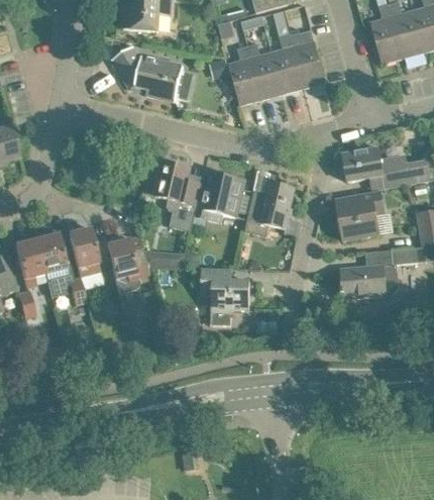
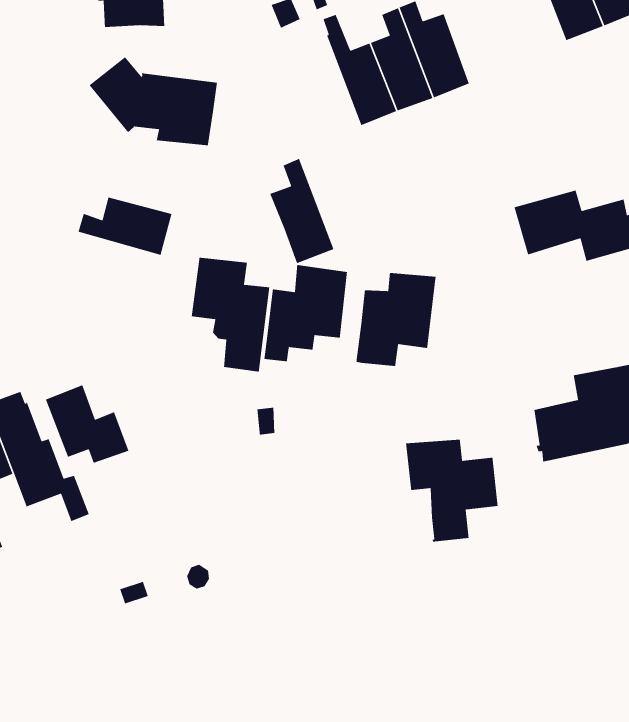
building: [228,44,261,104] -> [269,158,335,264]
building: none -> [77,196,173,256]
building: [336,191,382,239] -> none
building: [106,237,149,292] -> none
building: [201,267,249,324] -> [405,439,498,542]

